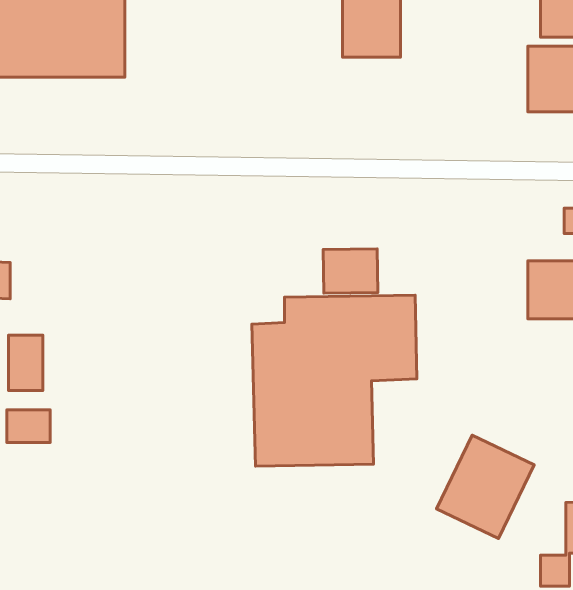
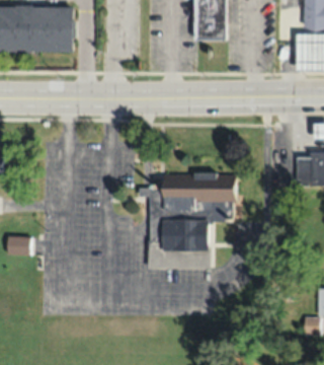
building: [323,249,378,293] -> none
building: [8,335,43,390] -> none
building: [437,435,534,539] -> none

